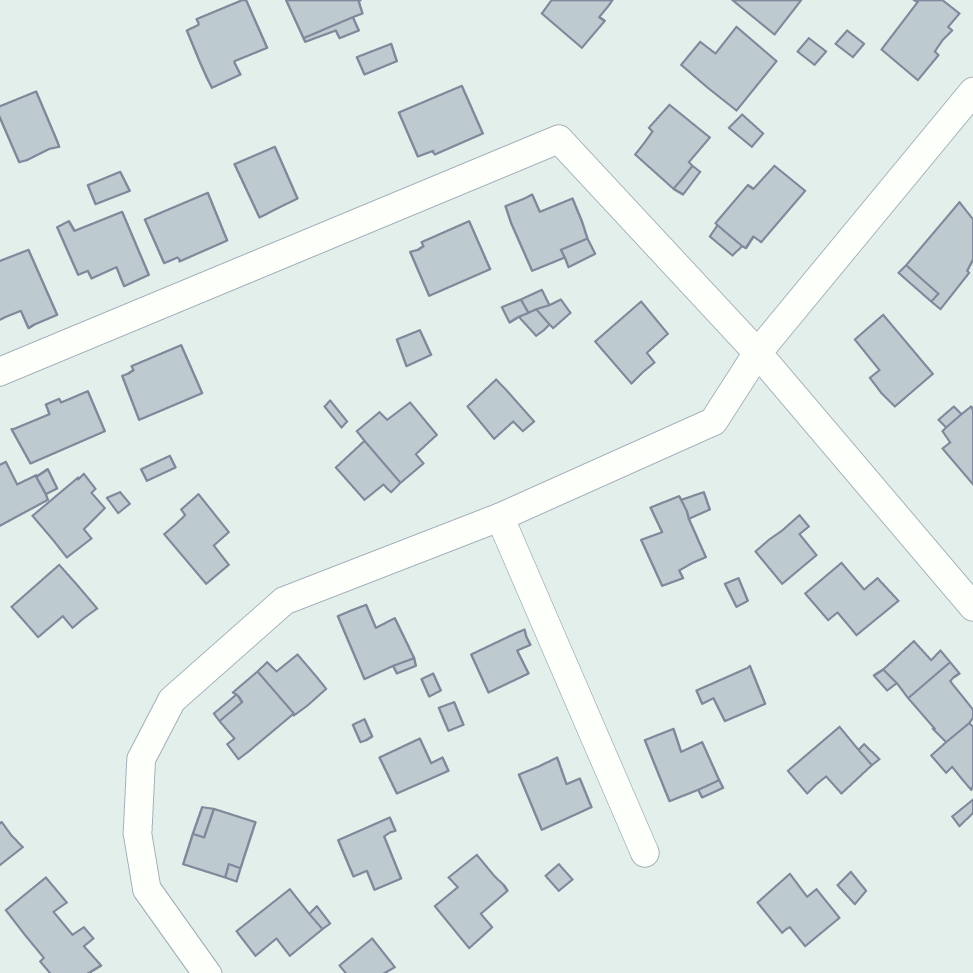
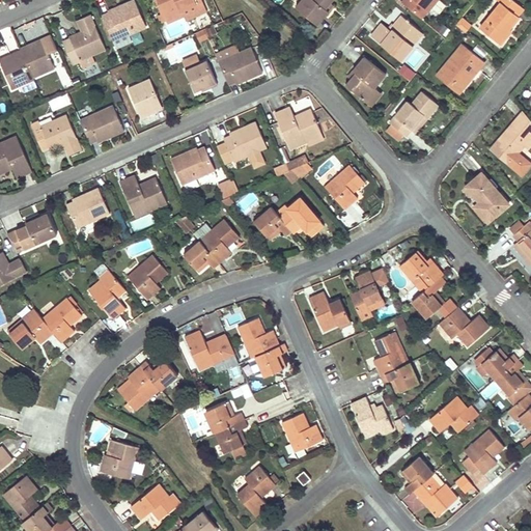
building: none -> [61,15,105,68]
building: none -> [19,34,56,78]
building: none -> [436,44,483,94]
building: none -> [185,61,216,92]
building: none -> [169,146,215,186]
building: none -> [119,174,167,217]
building: none -> [275,198,323,236]
building: none -> [398,251,442,289]
building: none -> [127,255,167,299]
building: [32,474,105,558] -> [41,296,81,341]
building: none -> [308,291,351,332]
building: none -> [239,318,280,359]
building: none -> [371,333,407,376]
building: none -> [456,429,503,473]
building: [338,817,401,890] -> [216,420,250,459]
building: none -> [398,457,431,495]

